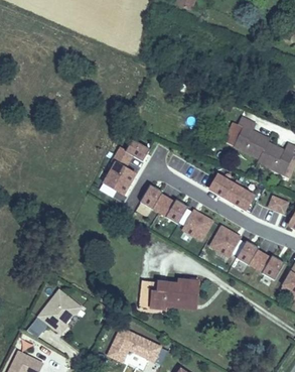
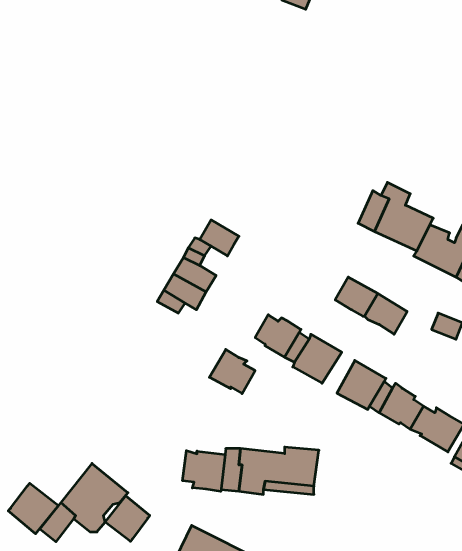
building: [140,184,168,212] -> [209,349,255,394]
building: none -> [183,451,225,491]
building: none -> [8,483,58,534]
building: none -> [105,496,150,541]

